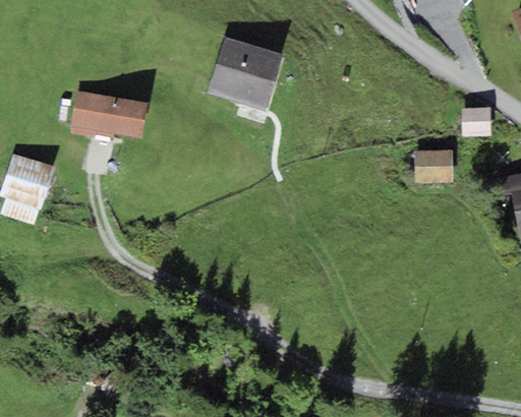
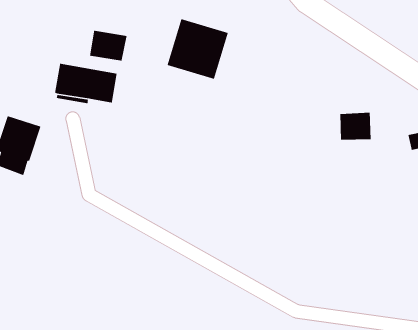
building: none -> [89,30,127,62]
building: [462,107,491,136] -> none

